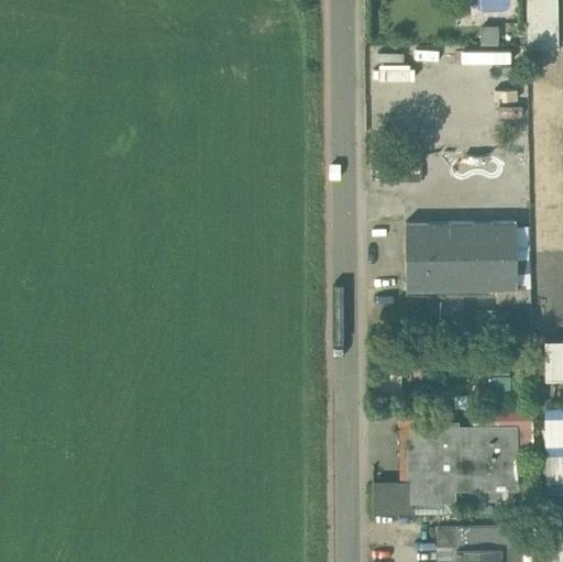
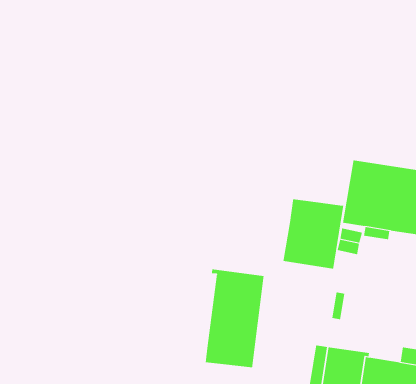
building: none -> [283,198,344,270]
building: none -> [205,268,264,368]

